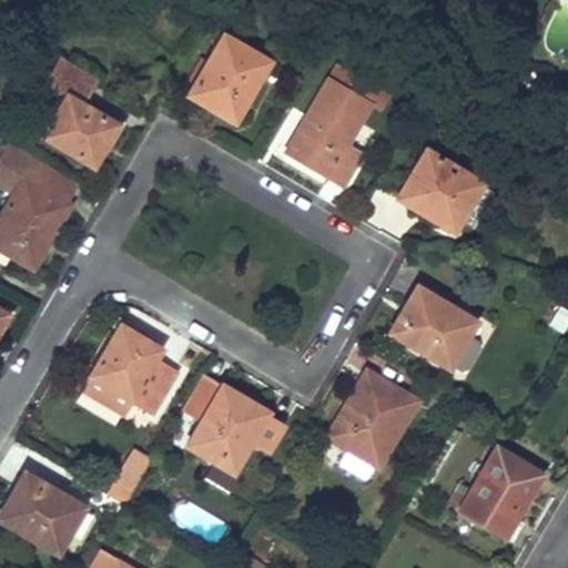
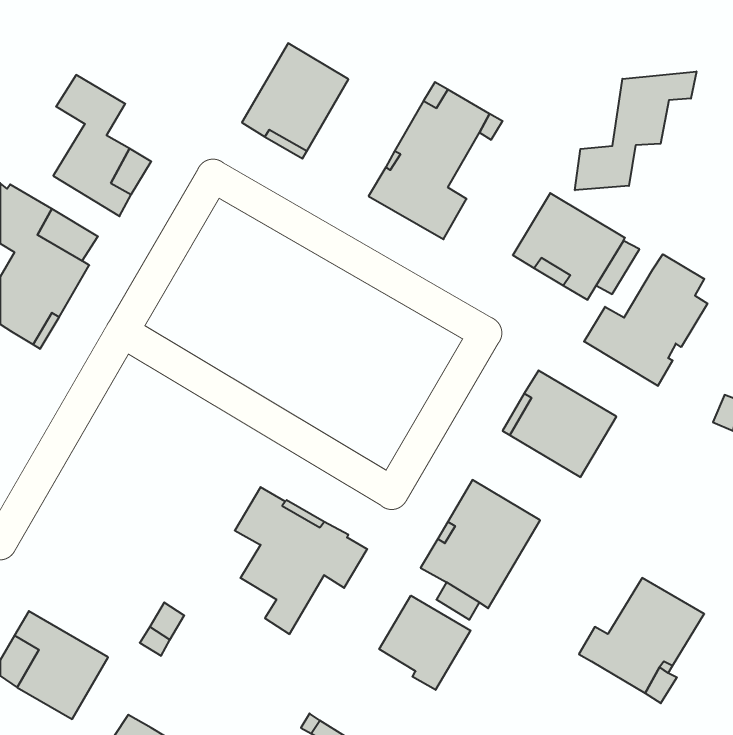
building: none -> [575,71,696,190]
building: none -> [584,254,707,386]
building: [82,324,179,415] -> none
building: none -> [379,596,471,690]

